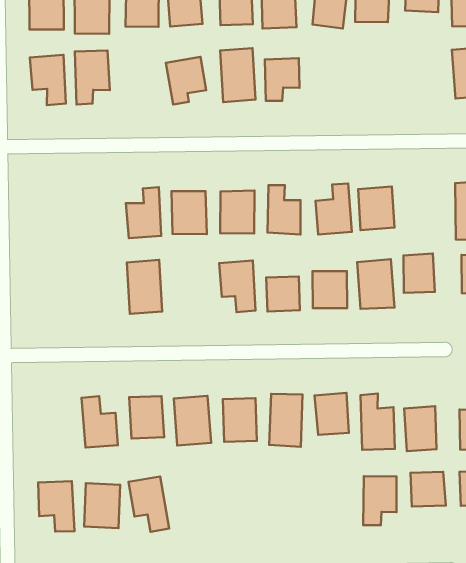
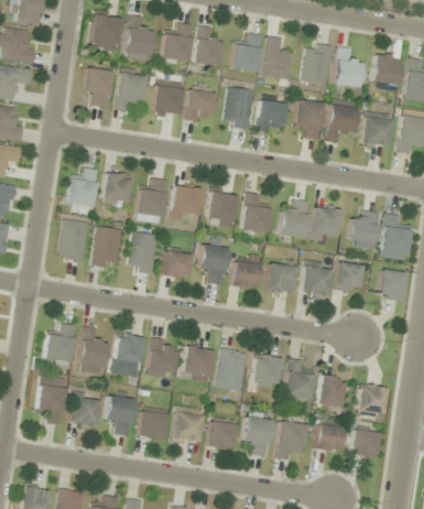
building: none -> [326,104,355,143]
building: none -> [295,100,323,139]
building: none -> [361,111,391,148]
building: none -> [153,79,184,117]
building: none -> [348,210,378,248]
building: none -> [68,169,97,205]
building: none -> [100,173,130,207]
building: none -> [58,219,88,261]
building: none -> [91,226,121,269]
building: none -> [163,251,191,279]
building: none -> [44,324,74,362]
building: none -> [243,411,272,456]
building: none -> [173,407,203,446]
building: none -> [207,419,236,452]
building: none -> [139,411,166,440]

